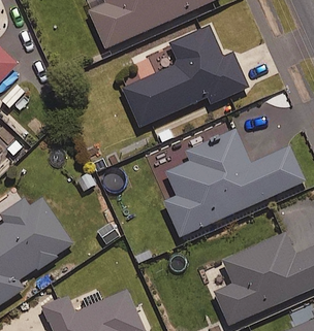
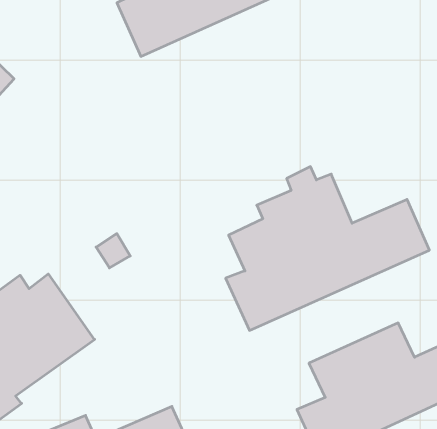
building: [122,25,248,127] -> none

